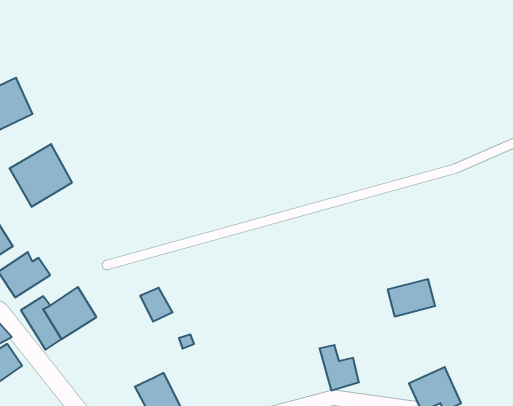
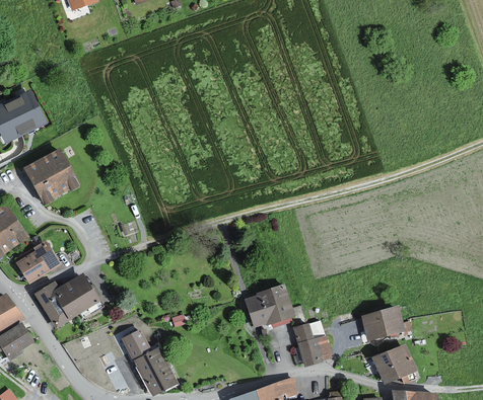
building: [388,279,435,316] -> [361,306,403,338]
building: [140,288,173,322] -> [122,331,150,361]
building: none -> [245,285,293,324]

